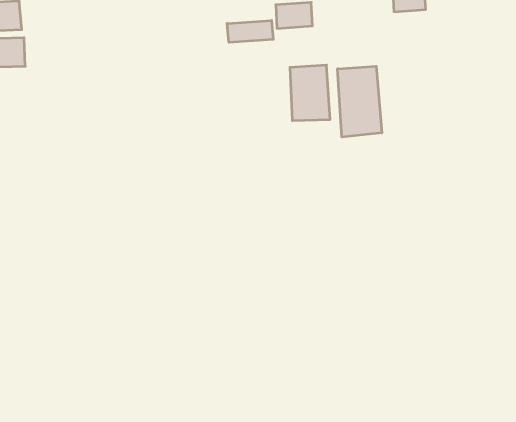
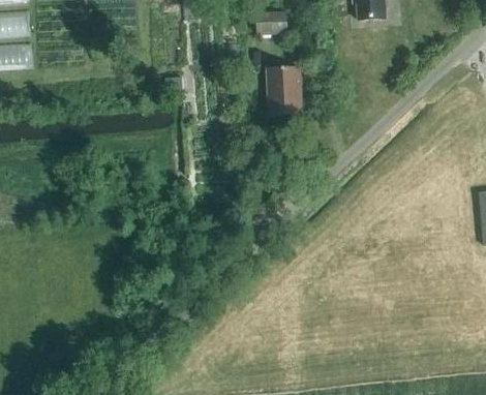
building: [227,20,273,42] -> none
building: [338,66,382,137] -> none

